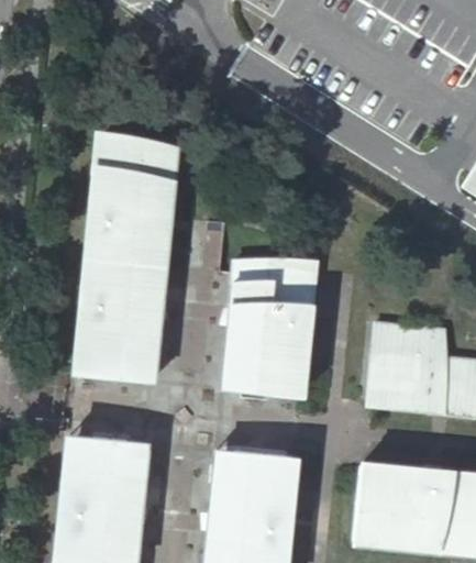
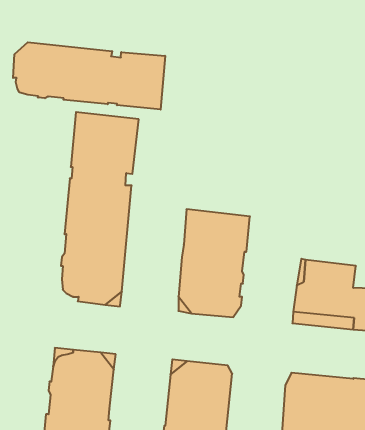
building: none -> [13,42,165,110]

